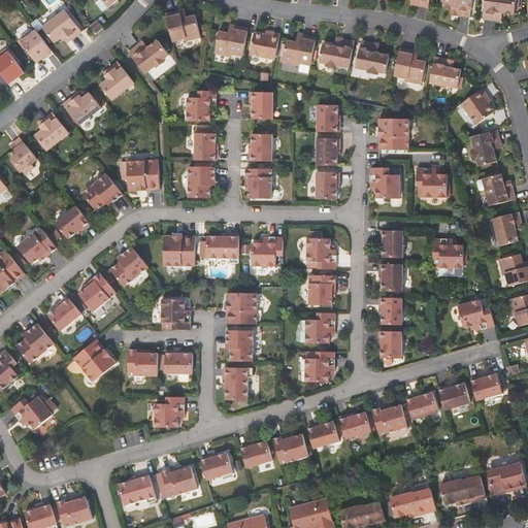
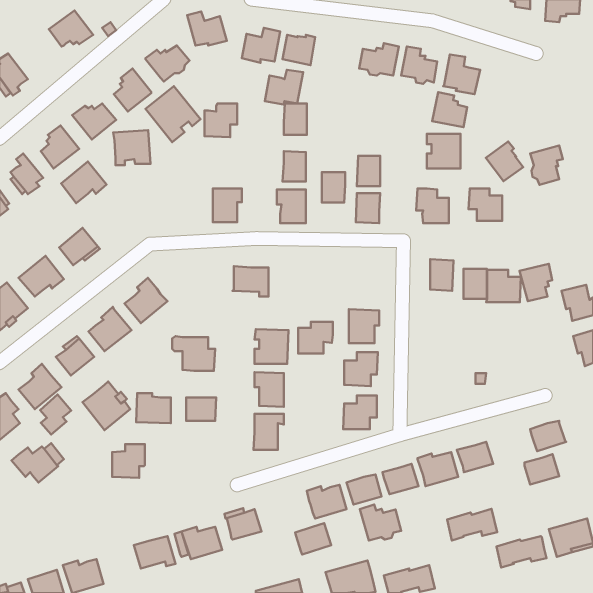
building: [20,29,55,61] -> none
building: [282,34,316,65] -> [265,70,303,105]
building: [429,57,460,88] -> [432,92,467,127]
building: none -> [145,86,201,142]
building: [461,88,494,123] -> [486,142,523,181]
building: [318,105,338,132] -> [322,172,345,203]
building: [194,133,214,160] -> none
building: [127,160,160,191] -> [113,130,150,165]
building: [82,173,123,210] -> [61,161,106,203]
building: [482,173,515,204] -> none
building: [492,211,521,244] -> [520,264,552,301]
building: [163,236,195,266] -> none
building: [252,237,283,265] -> [298,322,333,353]
building: [307,238,335,268] -> none
building: [381,264,401,291] -> [464,269,487,299]
building: [381,297,401,324] -> none
building: [458,299,494,330] -> none
building: [380,331,400,363] -> none
building: none -> [40,394,71,435]
building: [438,383,469,409] -> [524,454,559,484]
building: [154,396,183,426] -> [112,444,145,478]
building: [240,440,272,468] -> [295,523,331,555]
building: none -> [360,504,401,540]
building: [391,488,435,516] -> [447,509,497,540]

